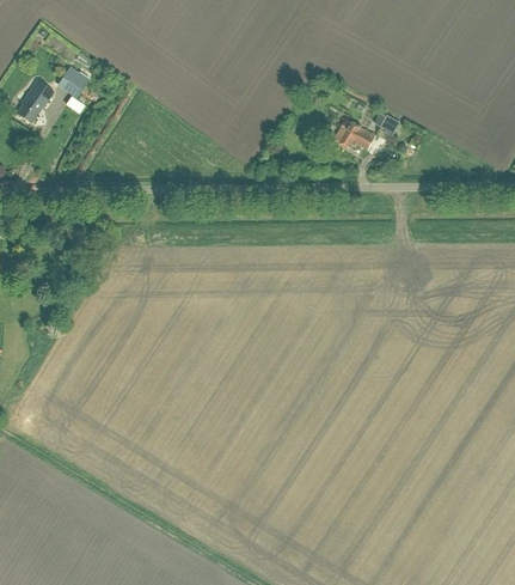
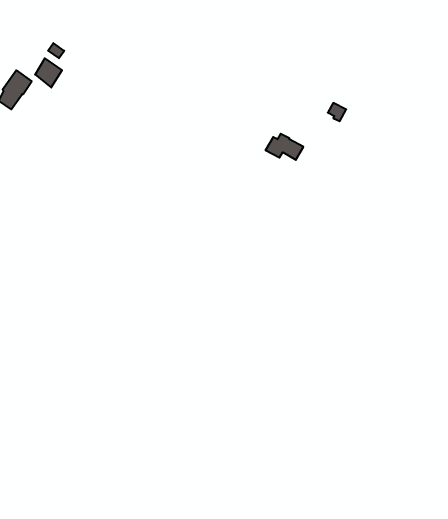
building: [335,121,376,150] -> [265,134,303,160]

